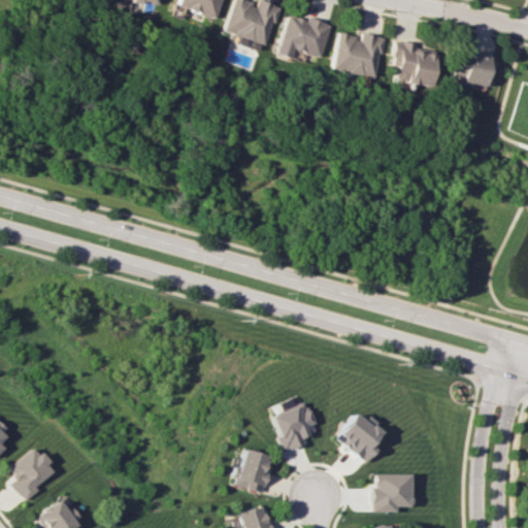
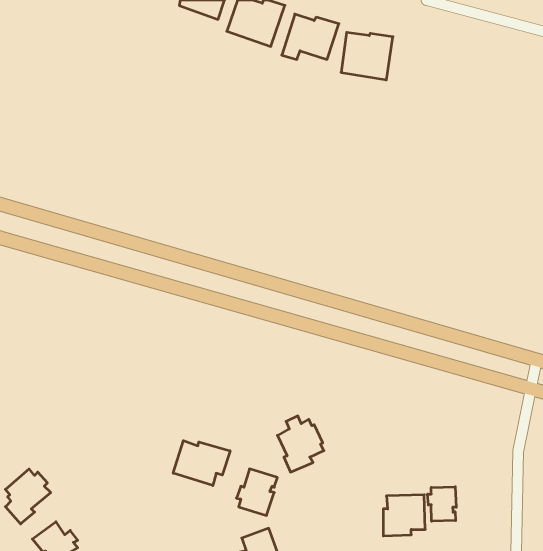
building: [393,40,439,88] -> none
building: [457,51,498,86] -> none
building: [340,412,384,463] -> none
building: none -> [173,441,230,486]
building: none -> [428,487,456,521]

